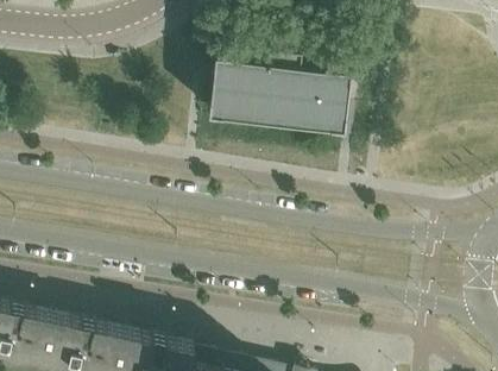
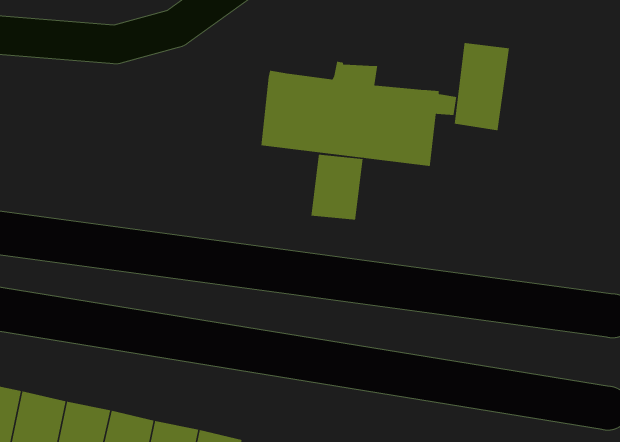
building: none -> [454,42,510,131]
building: none -> [310,154,364,221]

